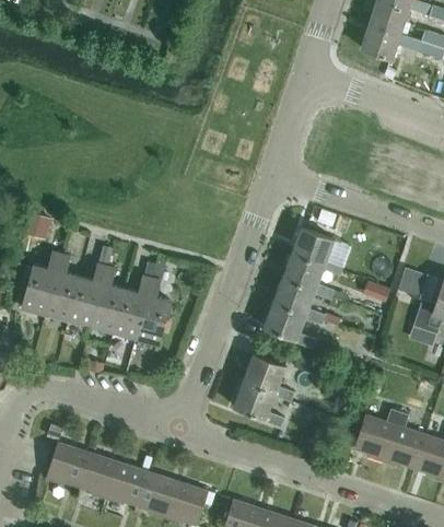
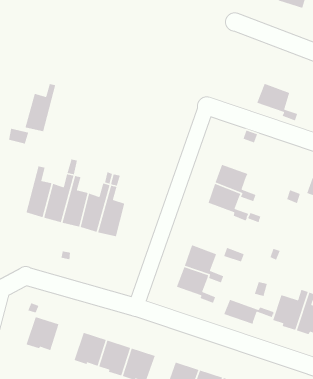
building: [291,227,343,276] -> [256,83,298,121]
building: [22,253,61,314] -> [25,83,56,132]
building: [264,302,316,350] -> none
building: none -> [223,299,274,325]
building: [78,453,118,499] -> none

